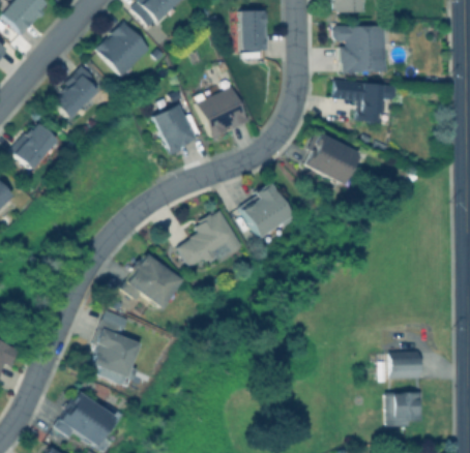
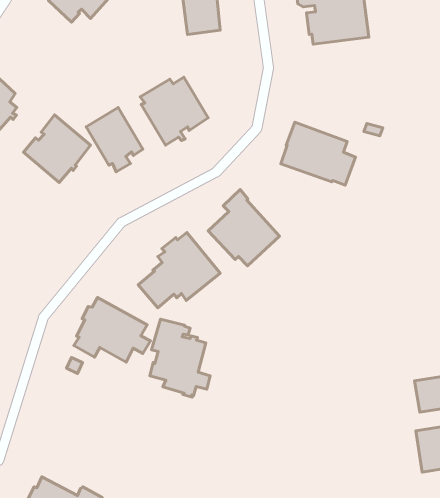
building: [95,22,150,77] -> [23,115,90,182]
building: [332,80,396,124] -> none
building: [91,321,140,387] -> [150,319,210,397]

